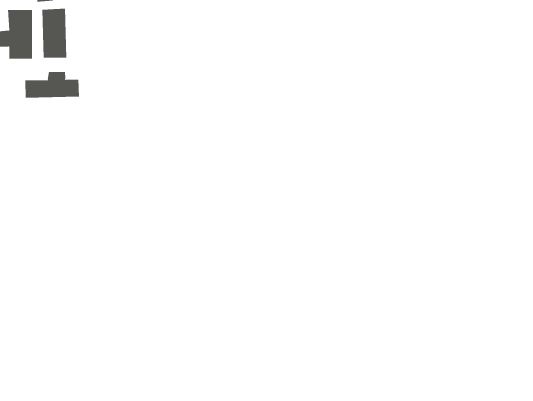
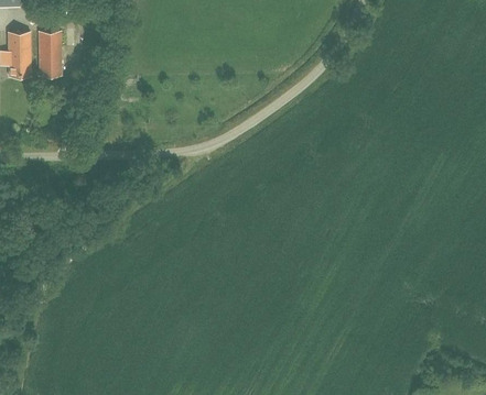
building: [25,71,79,99] -> none

